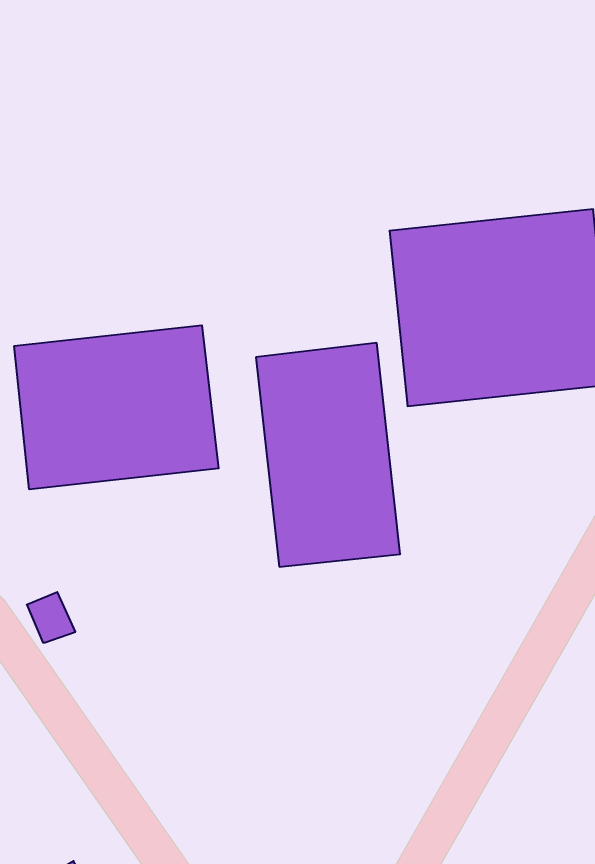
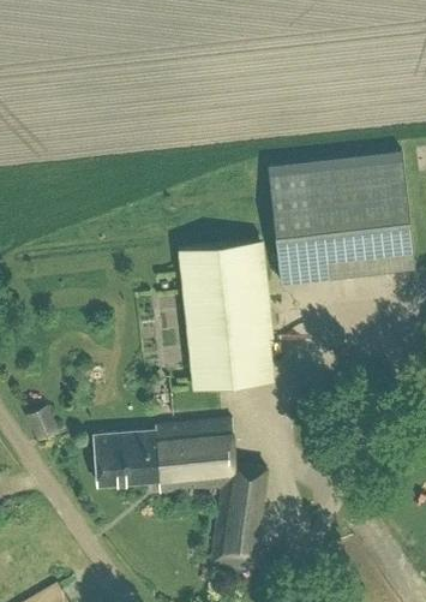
building: [14,325,219,489] -> none
building: none -> [95,419,266,572]

